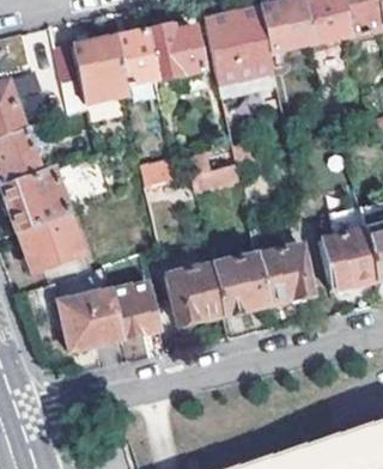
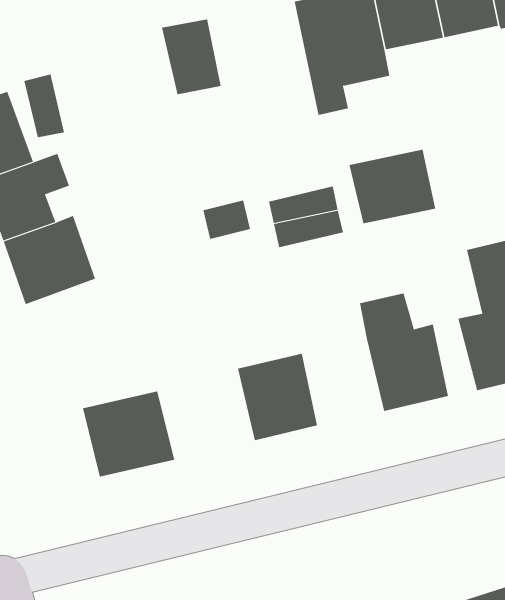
building: [147,25,203,80] -> none
building: [56,37,127,100] -> none
building: none -> [349,149,436,224]
building: [20,212,84,270] -> none
building: [213,254,269,313] -> none
building: [113,281,160,337] -> none

